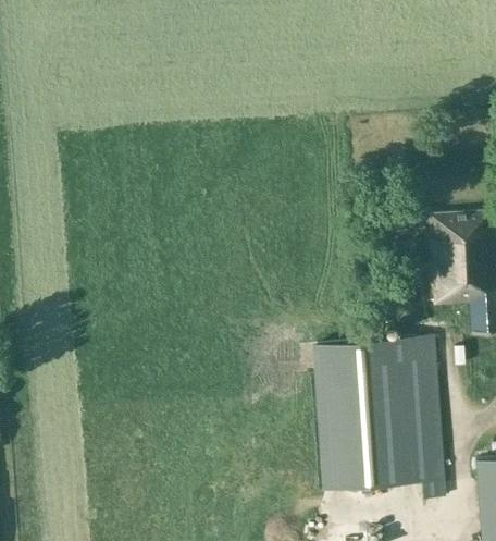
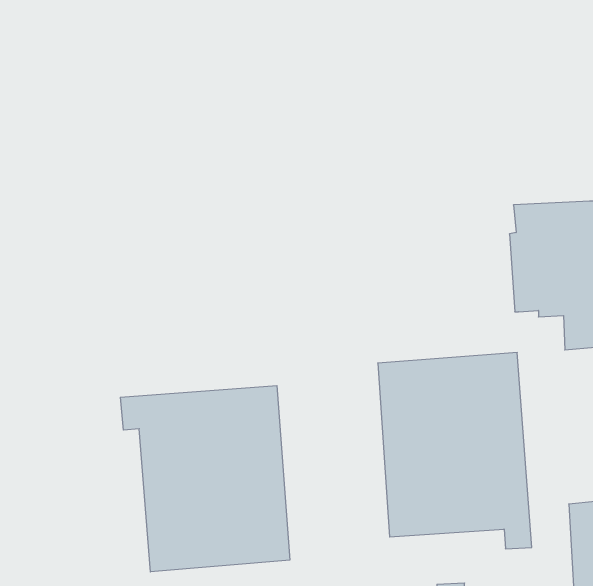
building: none -> [120,386,290,572]

